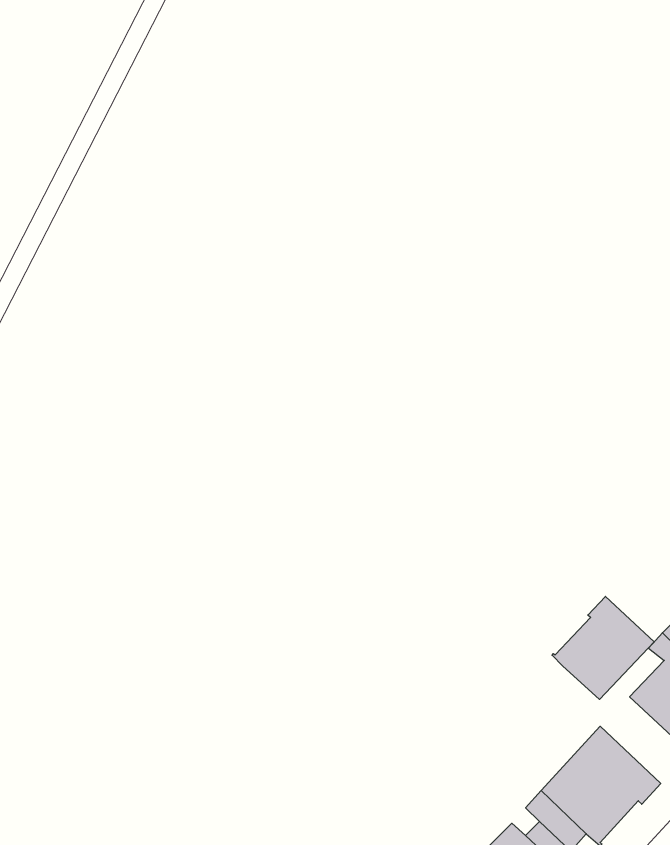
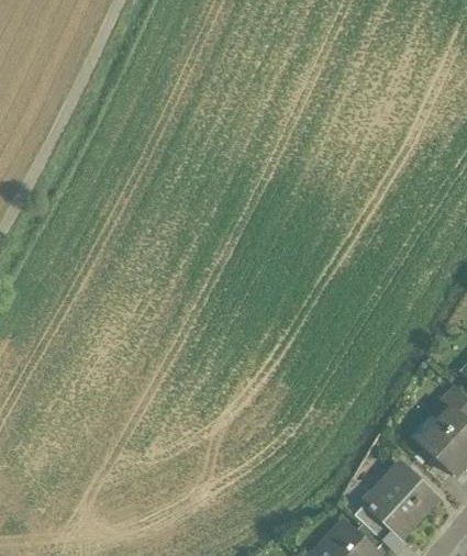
building: [552,596,654,699] -> none

